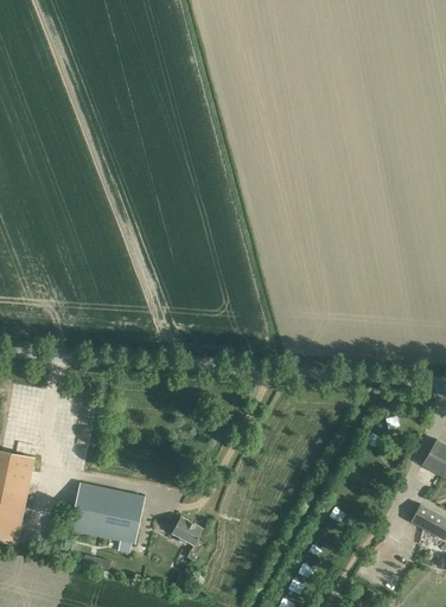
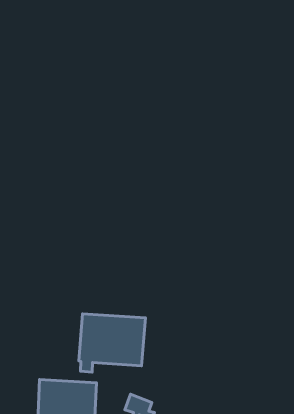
building: none -> [79,314,145,372]

